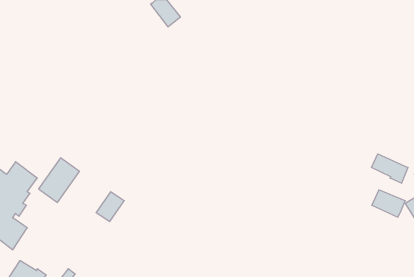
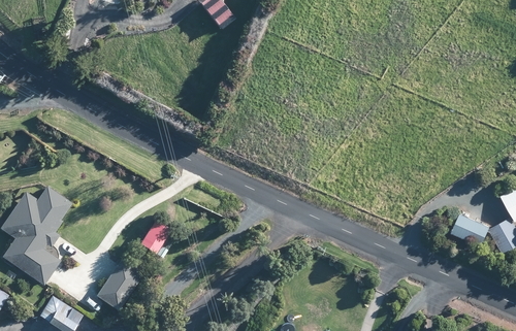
building: [372,154,408,183] -> none
building: [39,158,79,202] -> [96,259,142,309]

